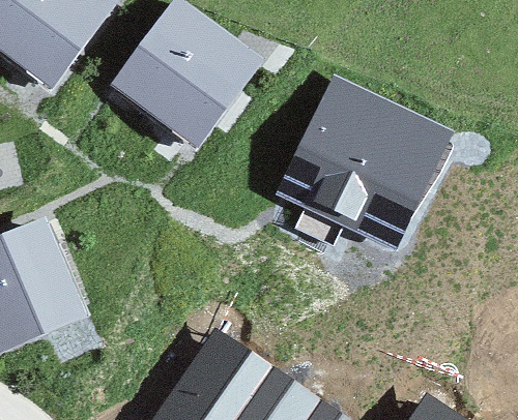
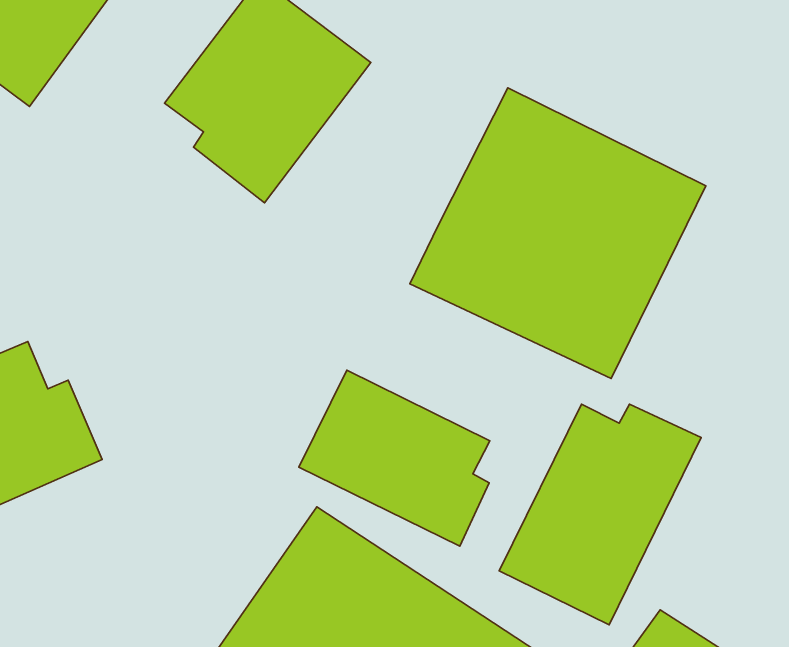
building: none -> [299,370,490,546]
building: none -> [499,404,701,625]

